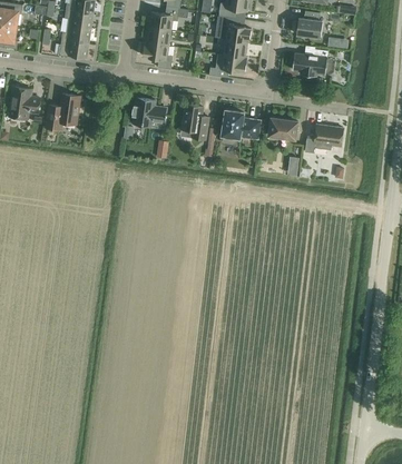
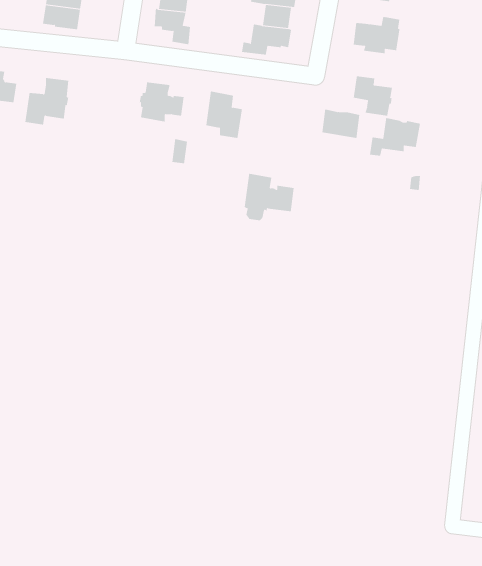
building: none -> [353,76,393,117]
building: [222,110,259,146] -> [244,173,294,221]

